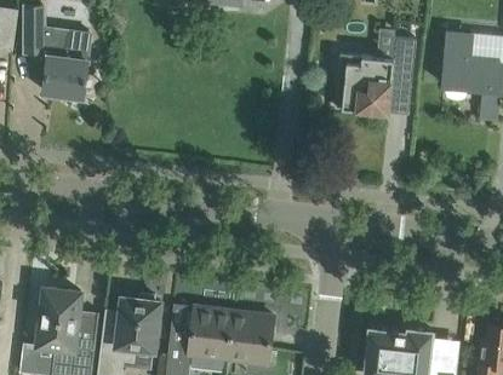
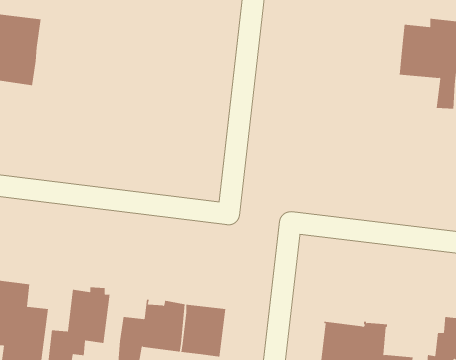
building: [335,38,416,114] -> none

